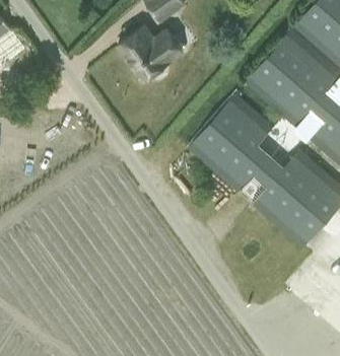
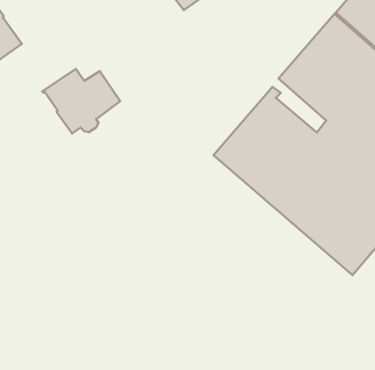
building: [119,25,185,80] -> [42,69,120,133]

